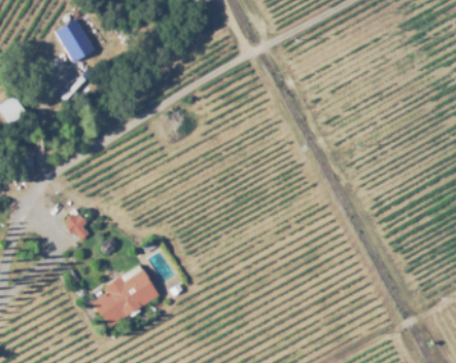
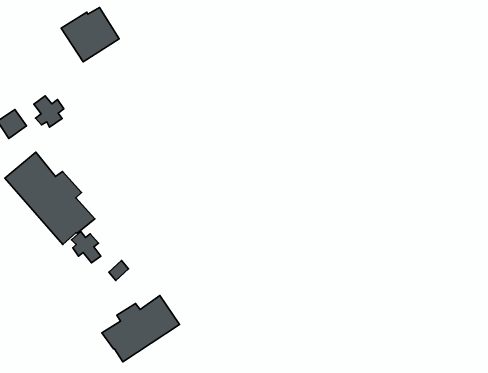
building: none -> [34,96,64,127]
building: none -> [5,152,95,244]

